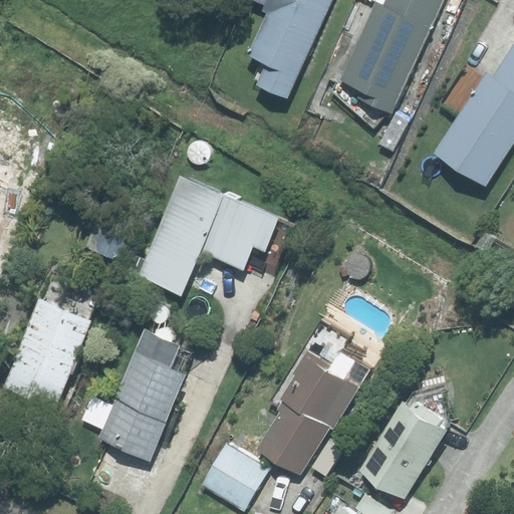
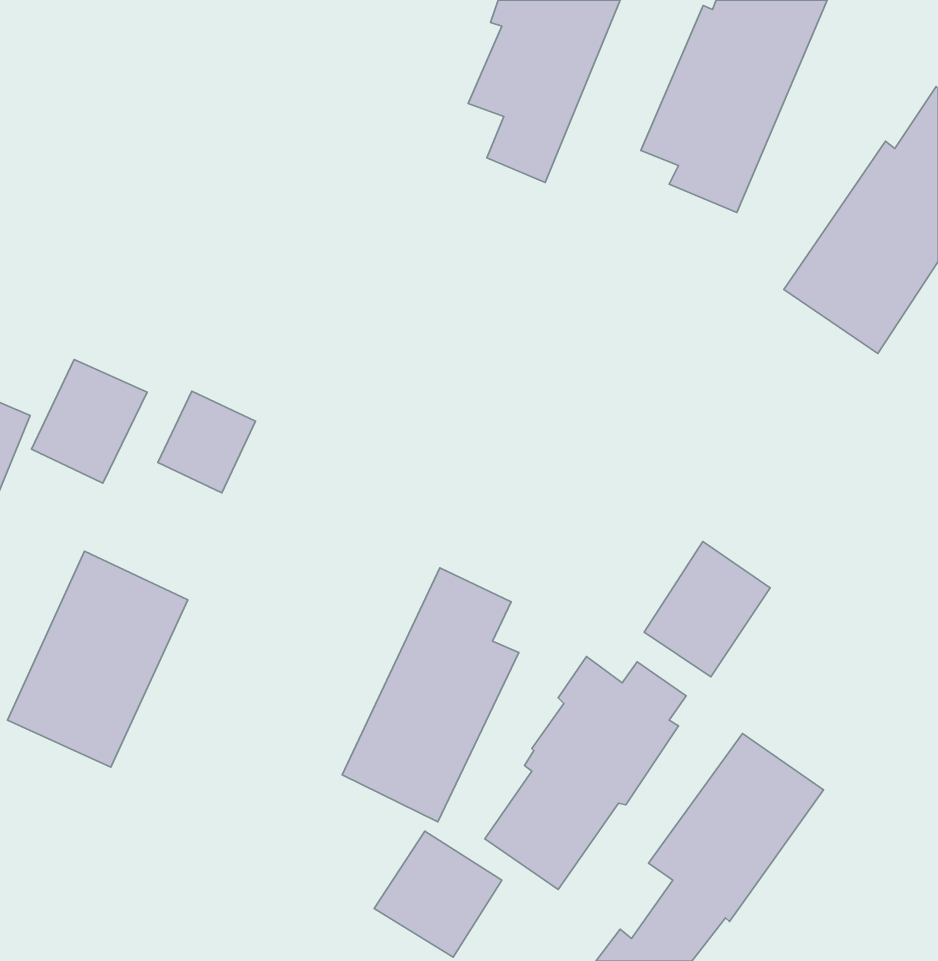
building: [127,172,268,291] -> none
building: none -> [32,359,147,483]
building: none -> [644,541,770,677]
building: [97,327,192,463] -> [342,568,519,822]

